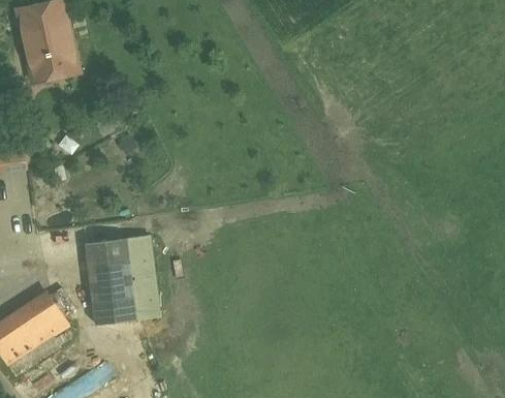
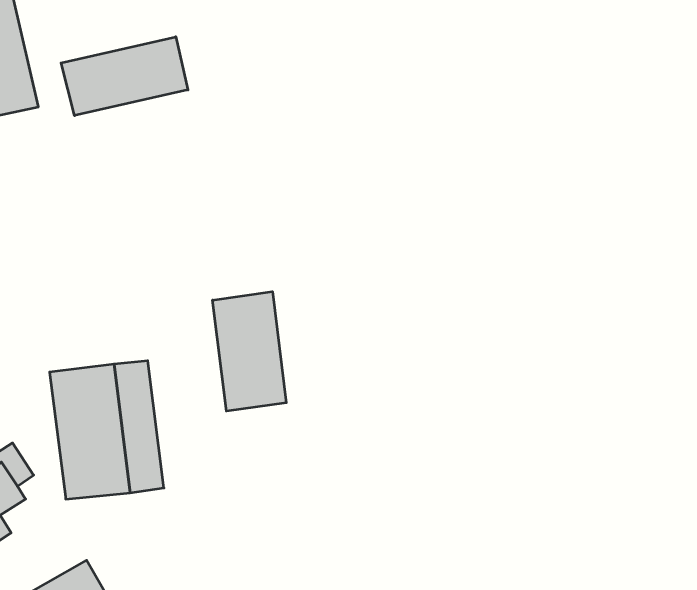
building: none -> [61,37,188,116]
building: none -> [213,292,286,411]

